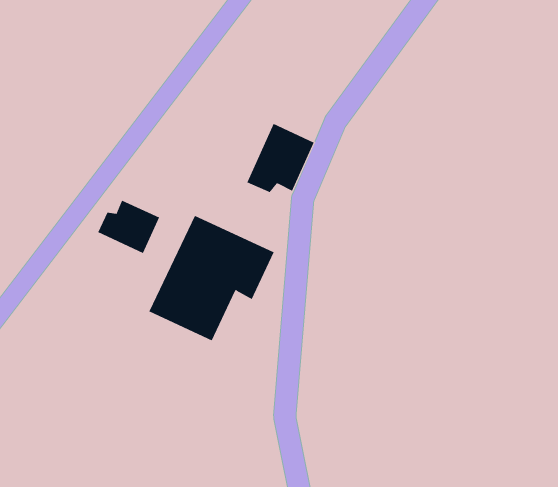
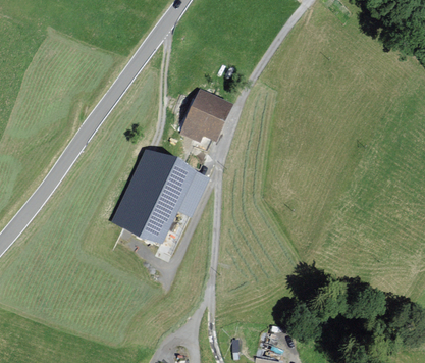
building: [97,200,160,254] -> none

